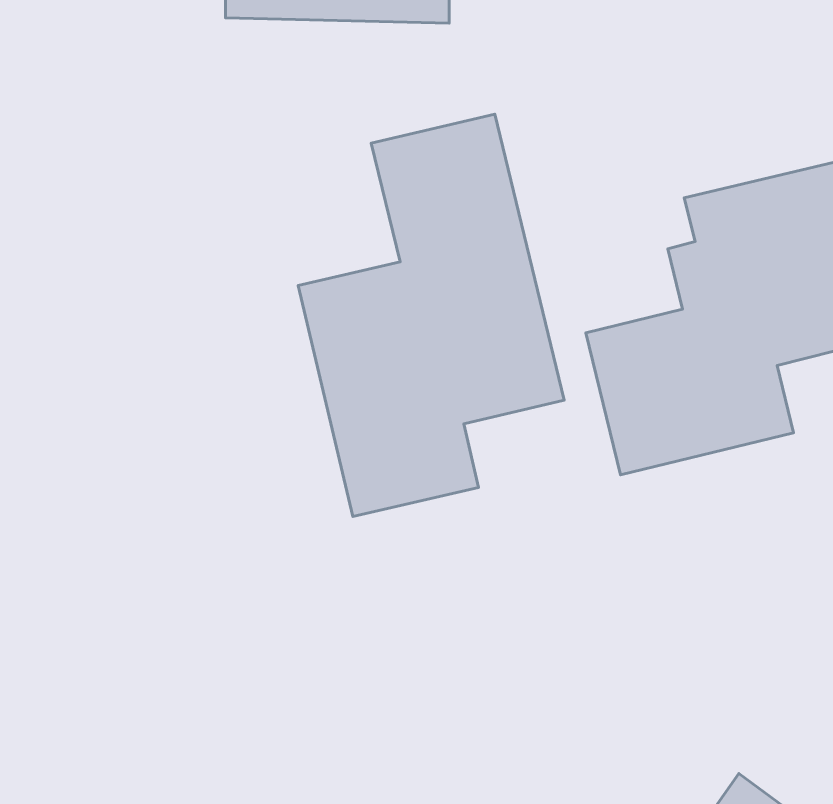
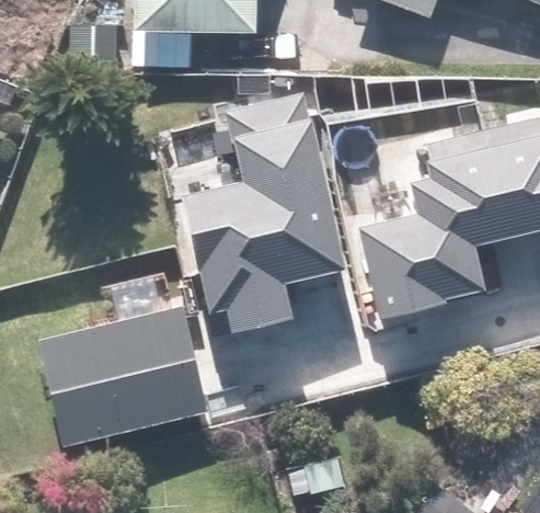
building: none -> [42,310,206,443]

